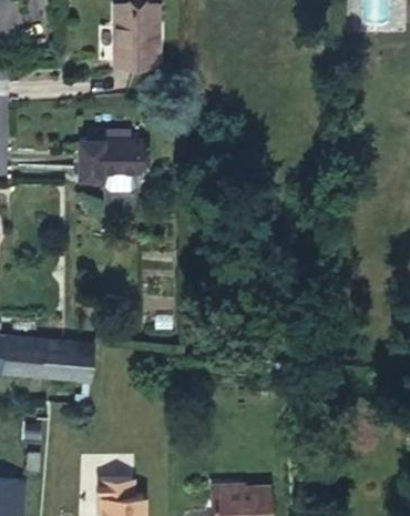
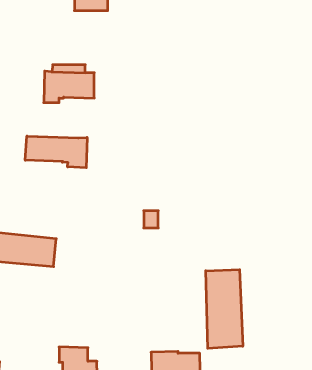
building: none -> [25,136,87,168]
building: none -> [206,270,243,348]

